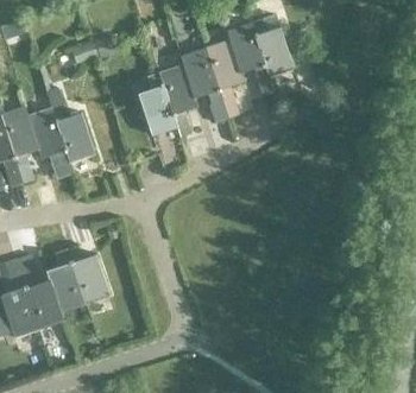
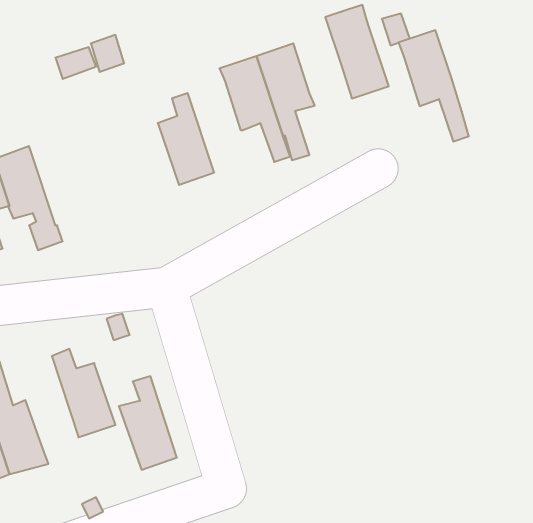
building: [226,23,273,97] -> [398,30,469,141]
building: [158,65,197,138] -> none
building: [45,85,95,163] -> none
building: [45,251,84,313] -> [119,376,177,470]

